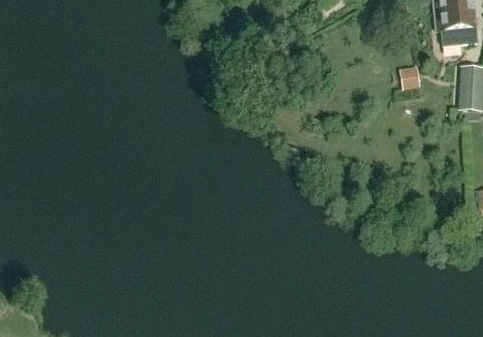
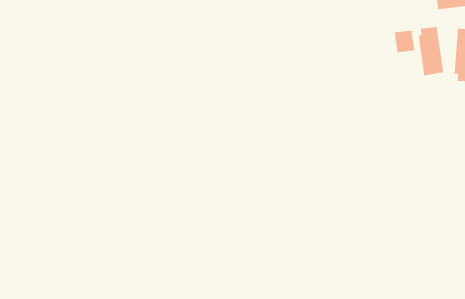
building: none -> [418,26,444,76]

